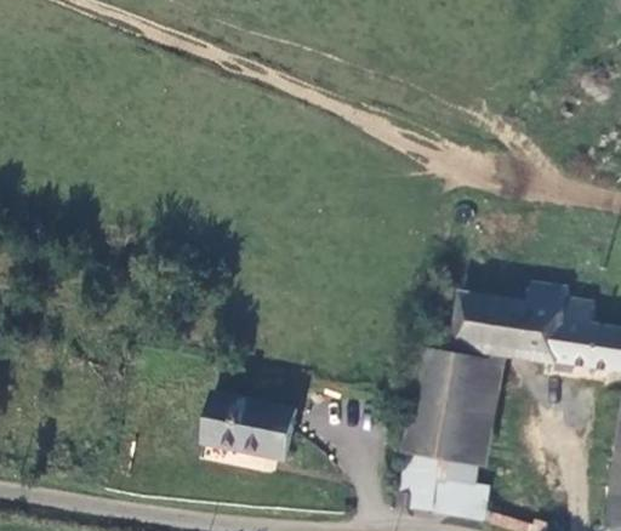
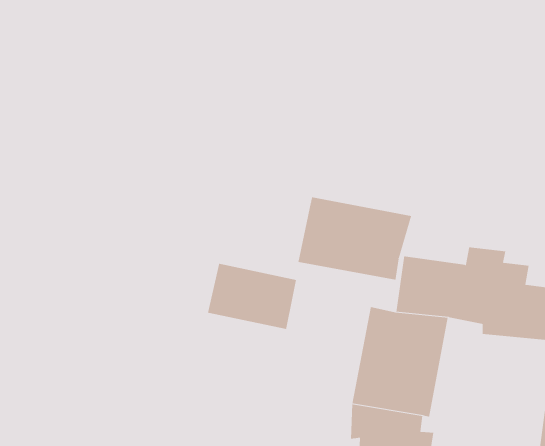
building: none -> [298,197,412,281]
building: [201,390,300,463] -> [207,263,297,330]

